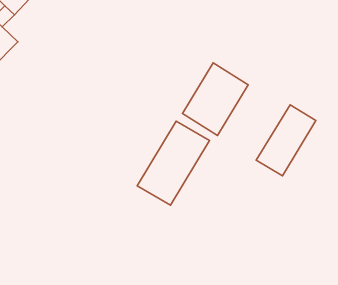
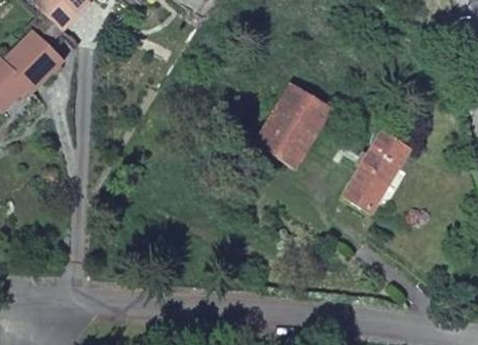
building: [137,121,210,205] -> none

